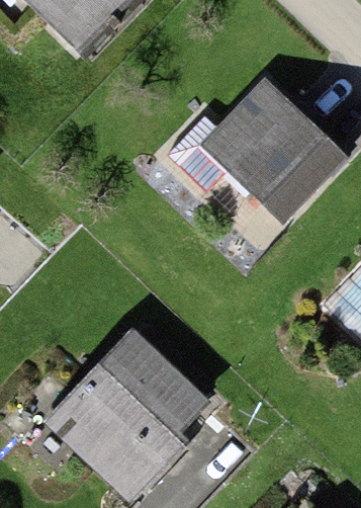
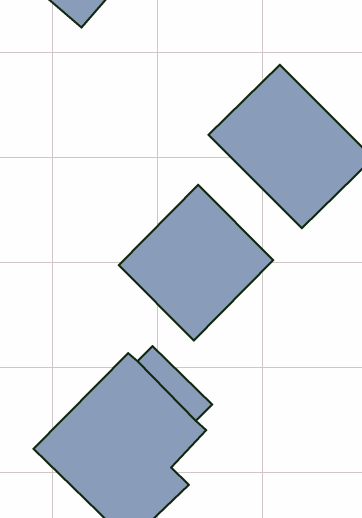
building: none -> [119,185,273,340]

